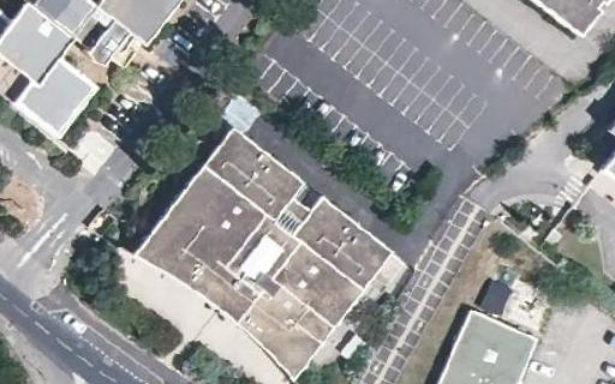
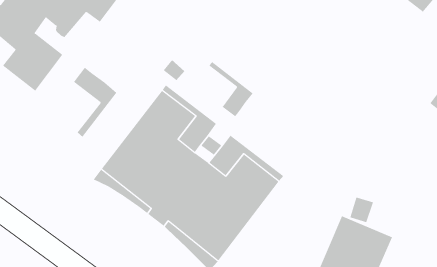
building: none -> [209,61,253,117]
building: none -> [73,67,117,137]

